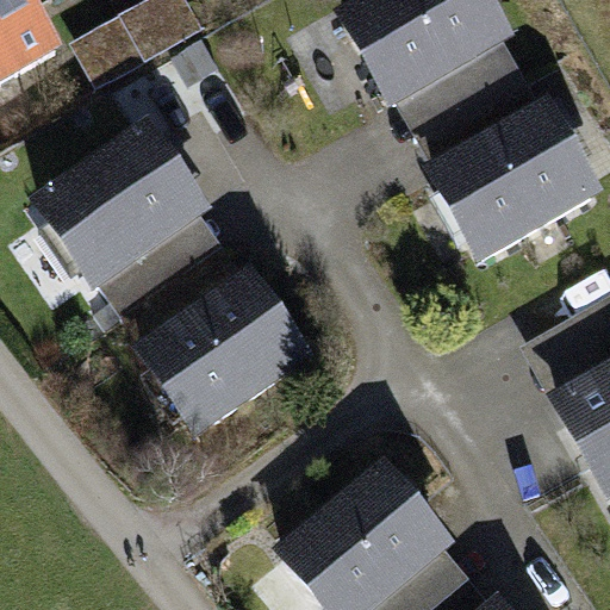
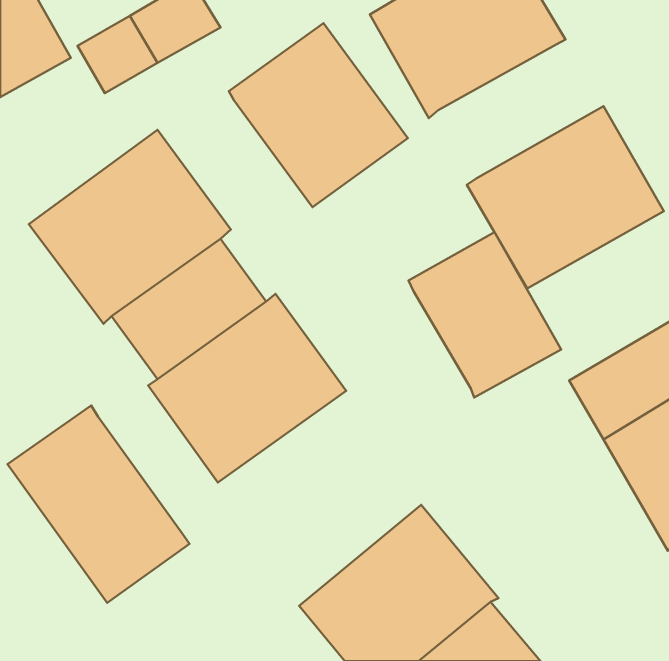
building: none -> [229,23,408,207]
building: [399,41,541,162] -> none
building: none -> [409,232,561,397]
building: none -> [8,406,190,603]

